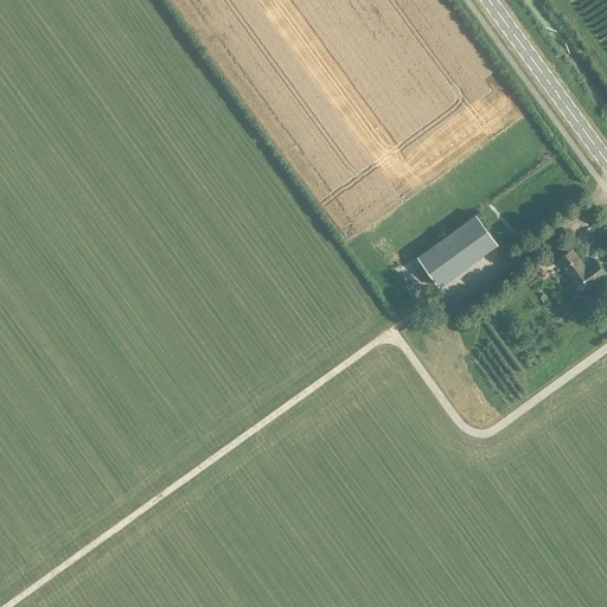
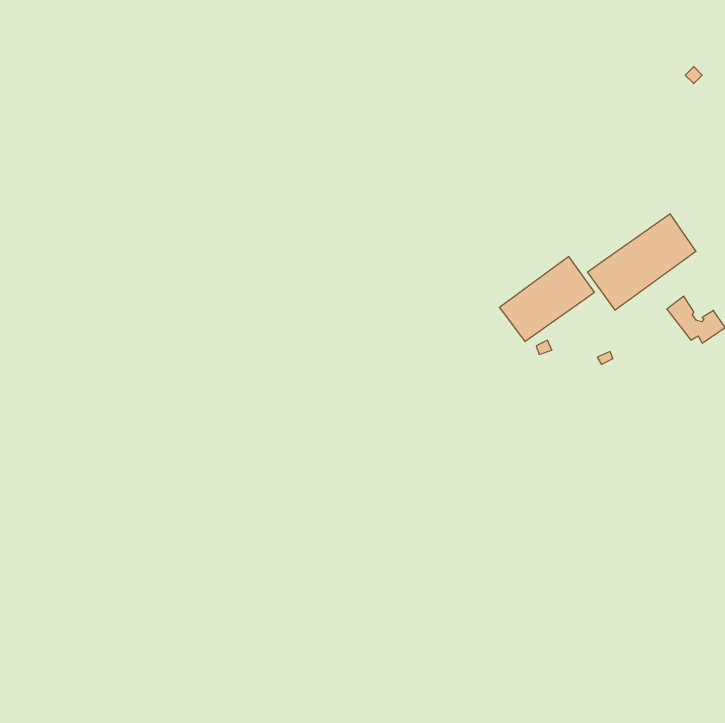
building: none -> [588,214,696,310]

